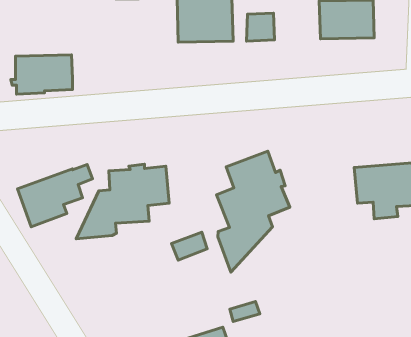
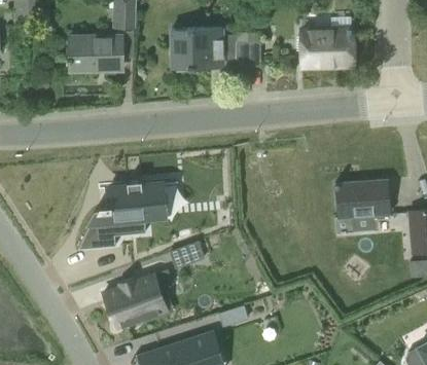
building: [11,55,72,94] -> [66,36,122,72]
building: [216,151,290,272] -> none
building: [18,164,93,227] -> [104,270,173,328]

